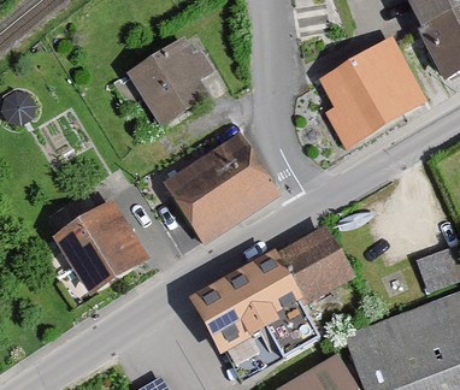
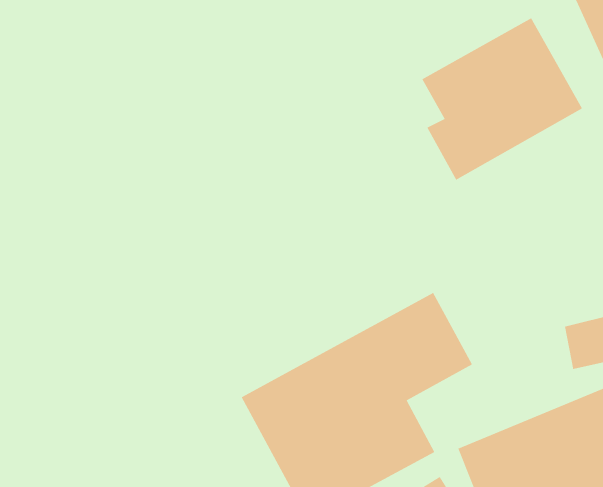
building: [131,41,216,123] -> none
building: [161,126,277,236] -> none
building: [54,201,149,292] -> none

